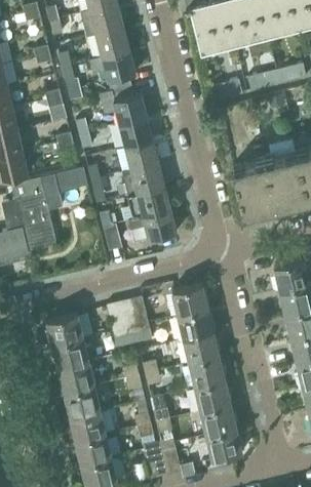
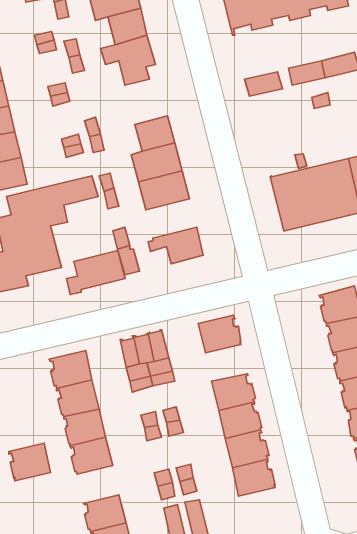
building: [99,86,146,124] -> none
building: [121,187,170,224] -> [67,250,125,294]
building: [178,309,213,339] -> none
building: [70,410,105,442] -> [9,443,50,481]
building: [205,429,242,460] -> none

